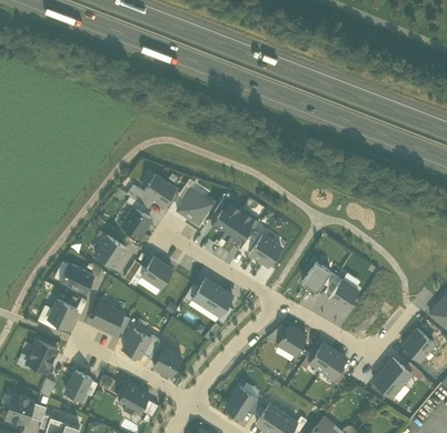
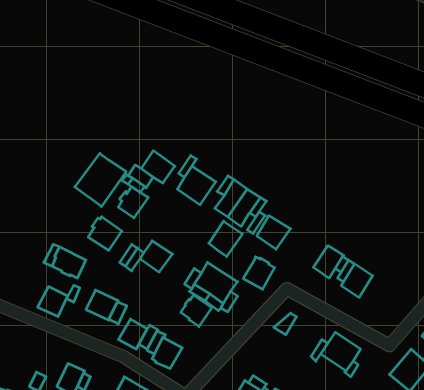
building: none -> [75,153,126,207]
building: none -> [209,221,242,257]
building: none -> [181,295,212,327]
building: [277,325,306,355] -> [243,257,275,289]
building: [27,341,57,373] -> none

